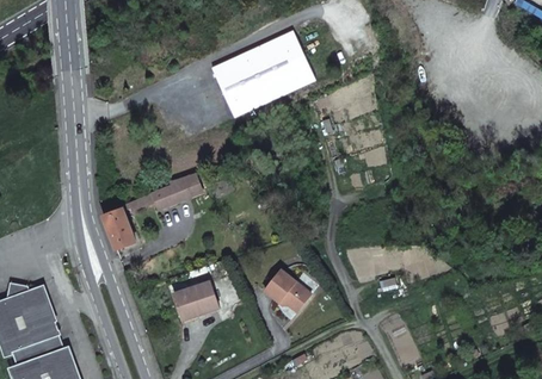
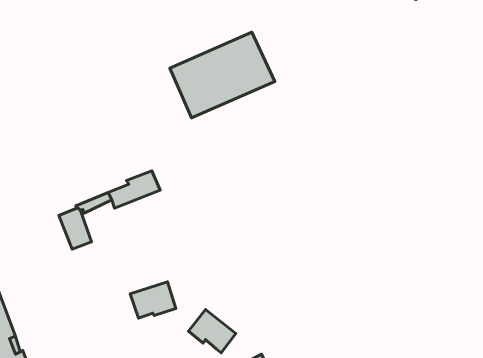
building: [264,268,310,311] -> [189,309,236,353]

